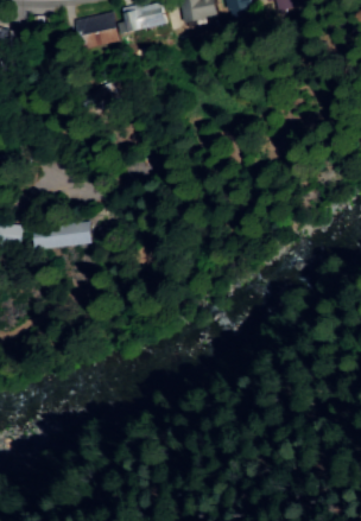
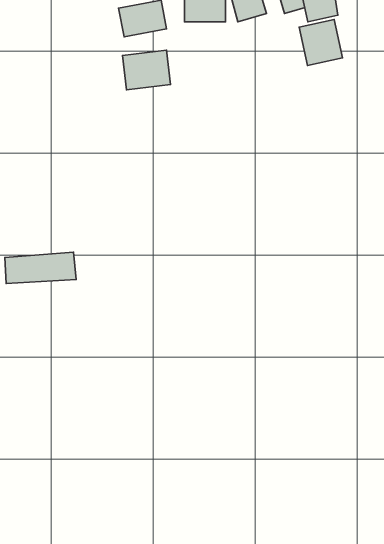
building: [75,14,116,49] -> [123,50,171,90]
building: none -> [299,19,342,65]

